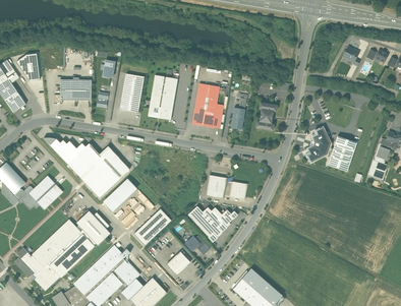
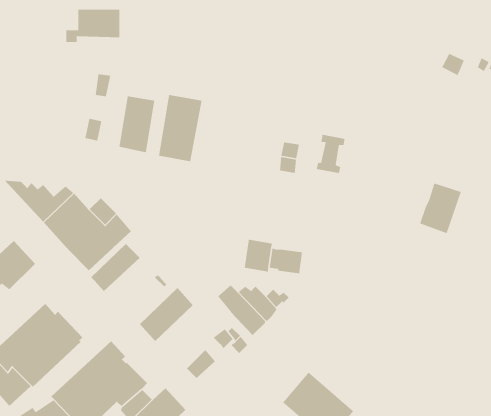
building: [53,80,91,104] -> [66,9,120,43]
building: [191,83,219,127] -> none
building: [306,128,333,162] -> none
building: [75,210,110,245] -> none

